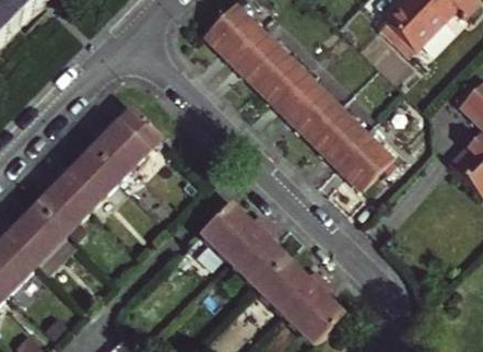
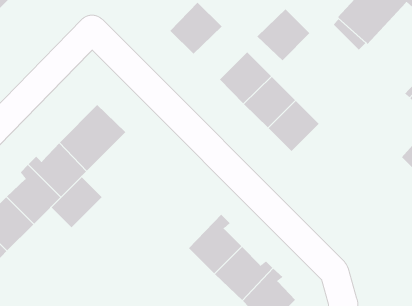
building: [232,28,288,84] -> [257,8,310,61]
building: [335,131,393,188] -> none
building: none -> [51,177,102,228]
building: [198,206,261,262] -> none

